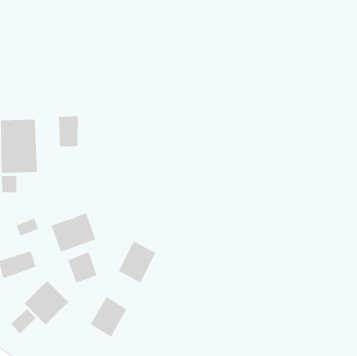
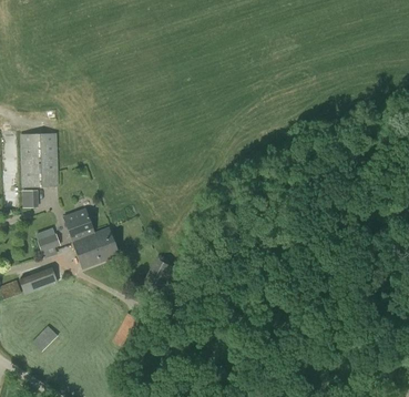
building: [58,116,78,147] -> none
building: [67,252,98,283] -> [63,207,94,240]
building: [24,280,69,326] -> none

